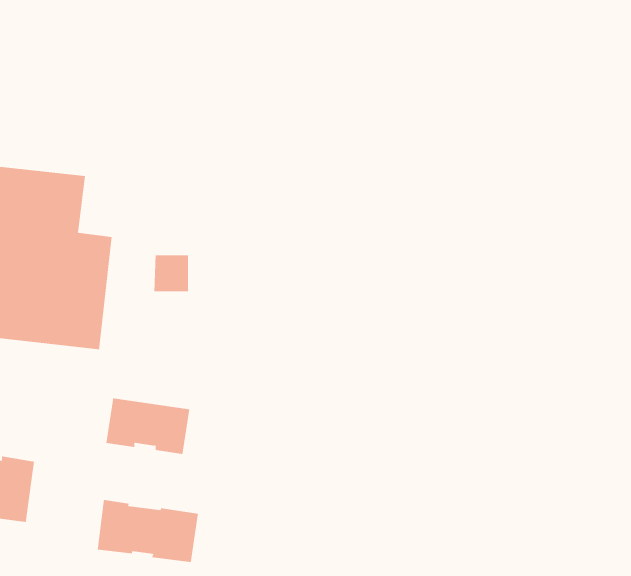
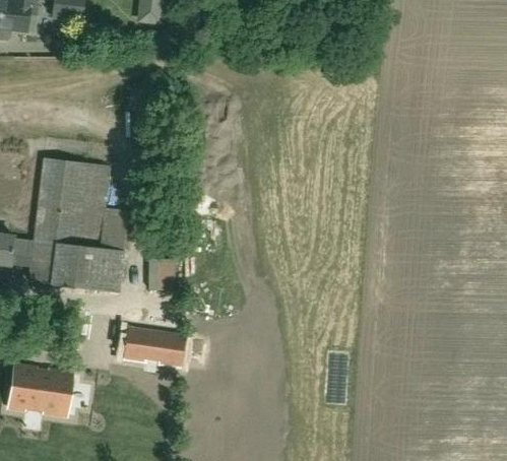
building: [153,255,189,292] -> [152,259,178,285]
building: [97,499,199,563] -> none

